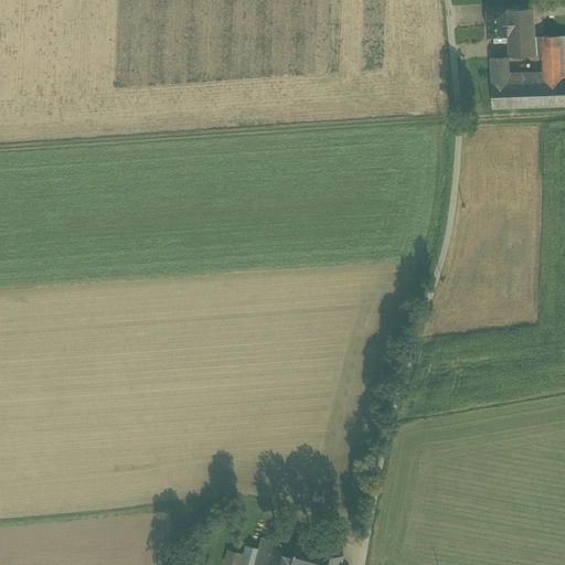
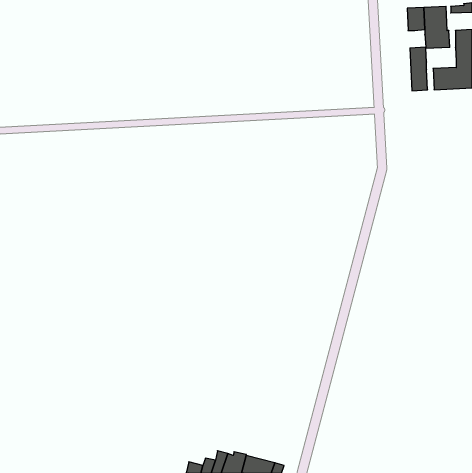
building: [509,73,544,107] -> none

